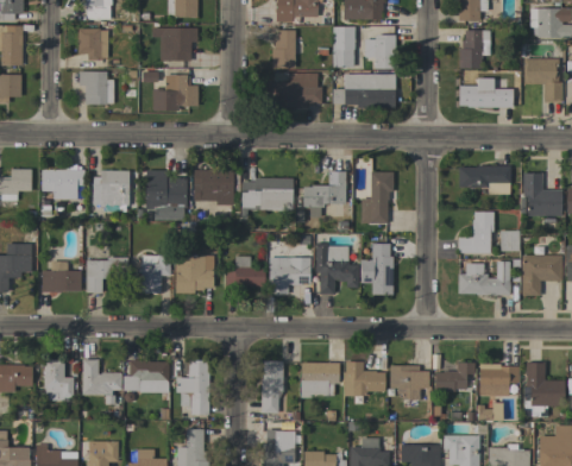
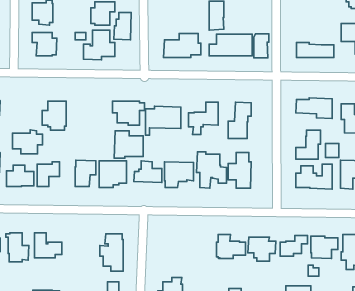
building: [271,30,296,69] -> [114,13,131,40]
building: [459,30,490,69] -> none
building: [373,34,395,69] -> [254,34,269,58]
building: [42,164,84,199] -> [13,130,42,154]
building: [145,170,187,209] -> [114,131,143,158]
building: [124,360,169,392] -> none
building: [262,361,283,413] -> none
building: [301,363,339,397] -> none

